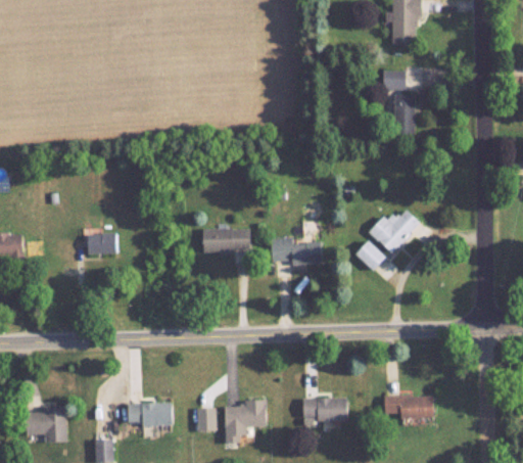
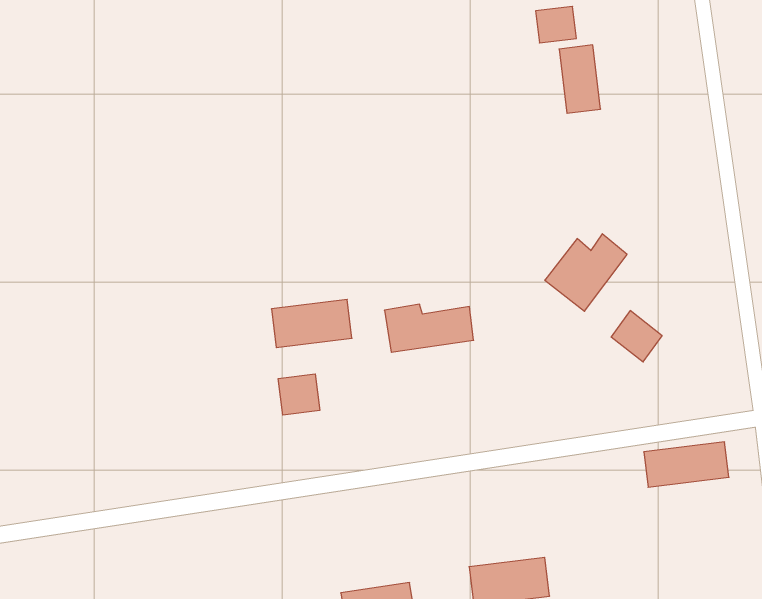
building: [86,233,116,253] -> none
building: [356,240,387,272] -> [611,311,662,362]
building: none -> [278,374,320,415]
building: [385,397,434,418] -> [644,442,729,487]

